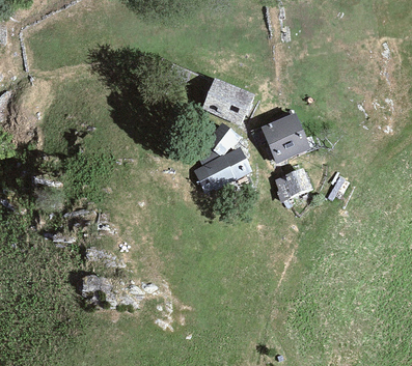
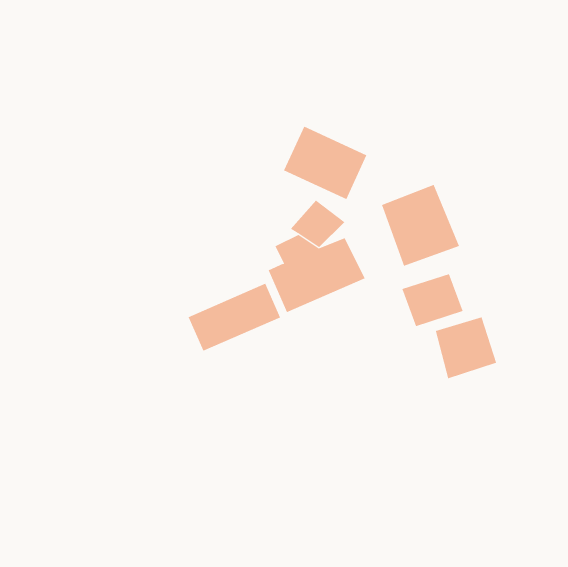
building: none -> [188,283,281,352]
building: none -> [435,316,497,379]

